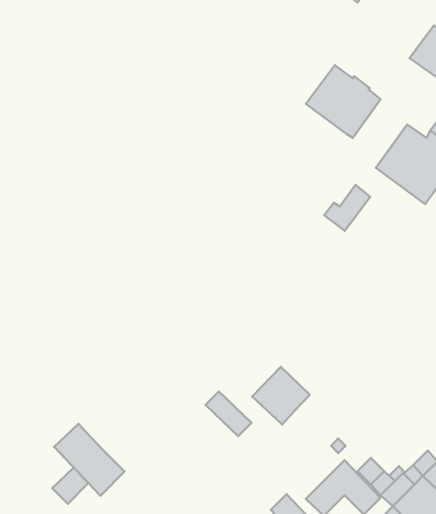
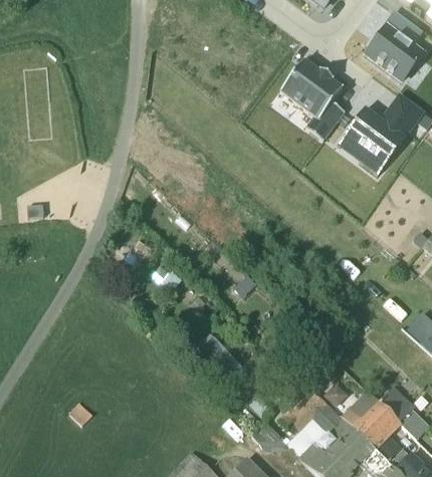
building: [324,185,370,231] -> [306,102,345,141]
building: [252,367,310,424] -> none
building: [54,424,124,496] -> none

